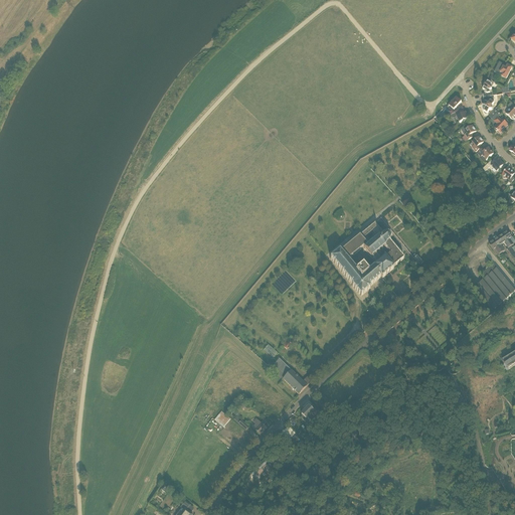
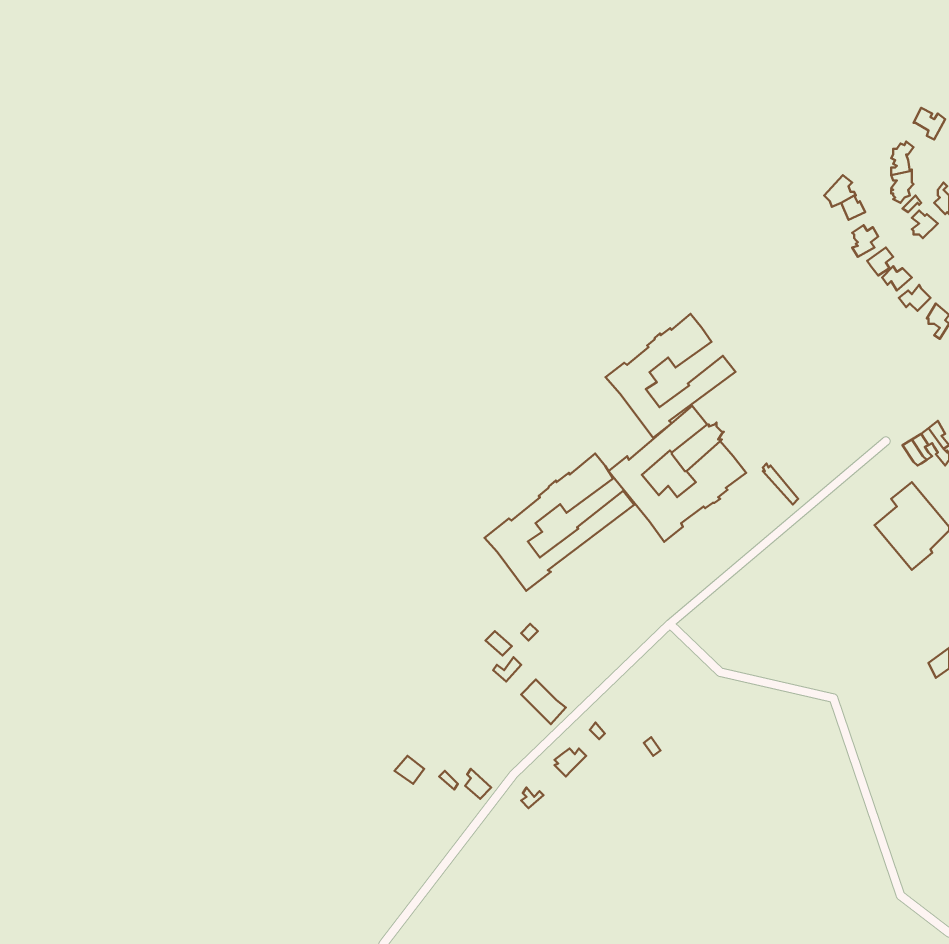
building: none -> [606,314,735,438]
building: none -> [484,454,634,591]

